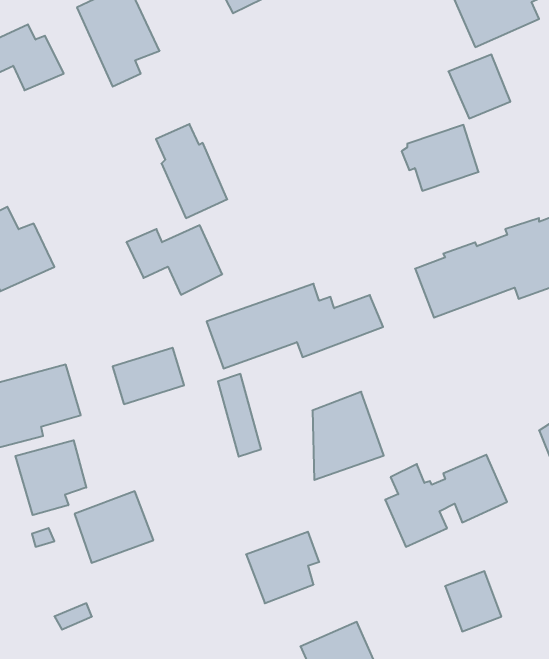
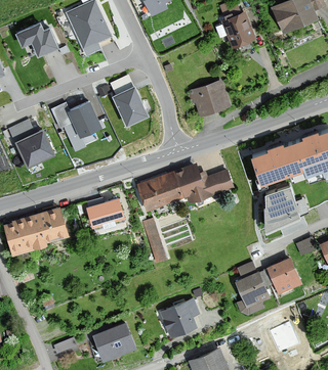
building: [448,55,510,118] -> [221,13,255,48]
building: [402,125,479,191] -> [188,80,230,115]
building: [126,225,222,295] -> [50,102,102,140]
building: [312,392,384,480] -> [265,186,304,234]
building: [15,440,86,515] -> none
building: [75,491,153,563] -> [93,321,136,360]

